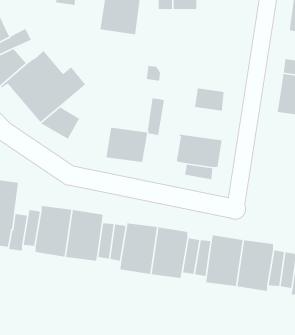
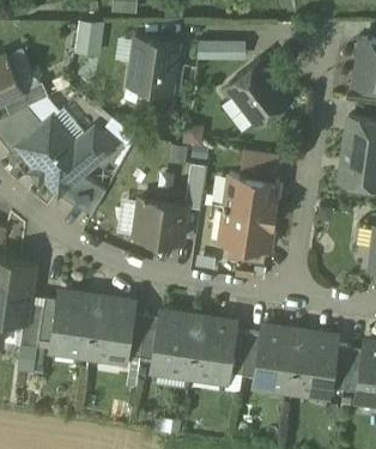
building: none -> [229,60,292,125]
building: none -> [224,175,280,214]

